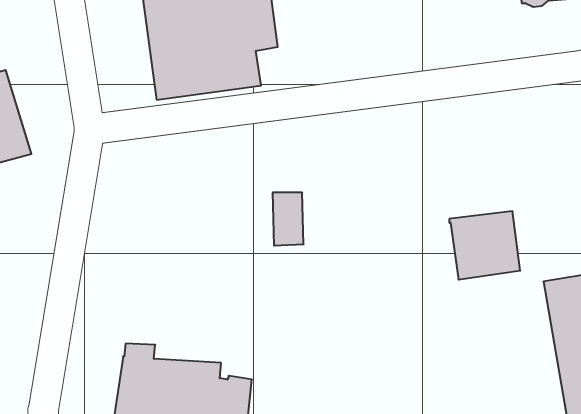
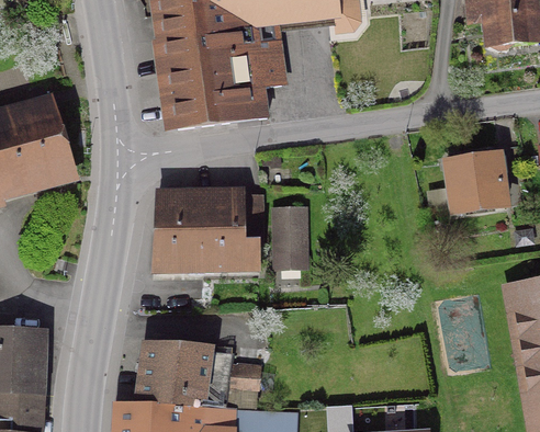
building: none -> [150,191,260,269]
building: [449,211,520,280] -> [443,152,504,211]

